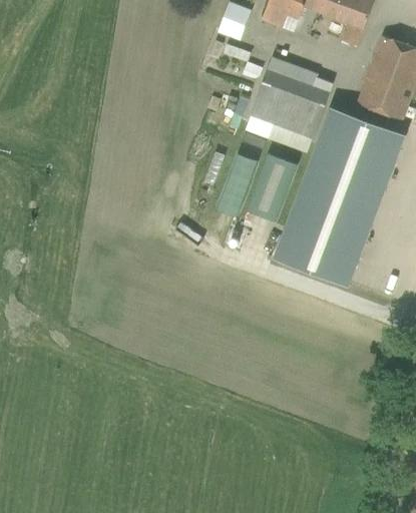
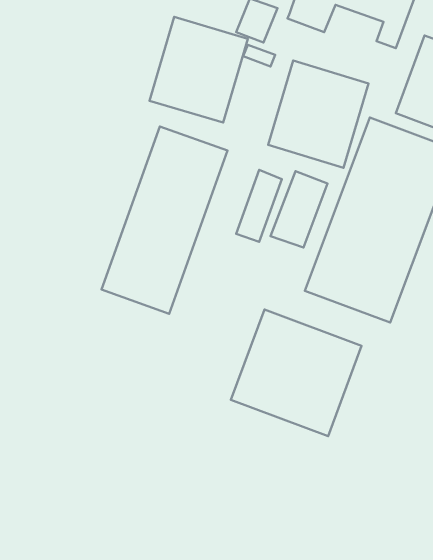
building: none -> [150,17,248,123]
building: none -> [102,126,227,314]
building: none -> [231,309,361,436]

